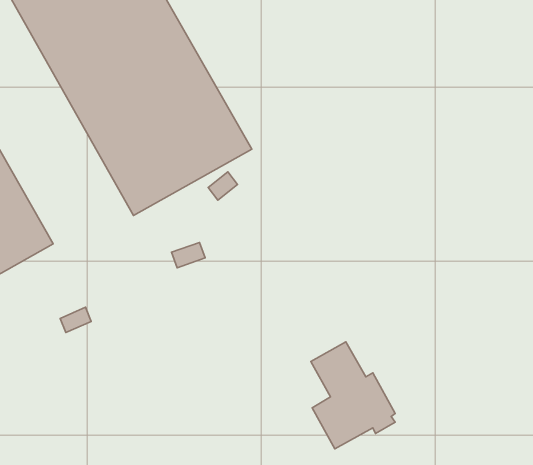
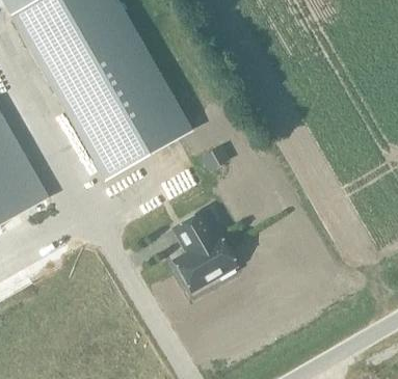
building: [311,342,395,449] -> [173,209,235,288]

